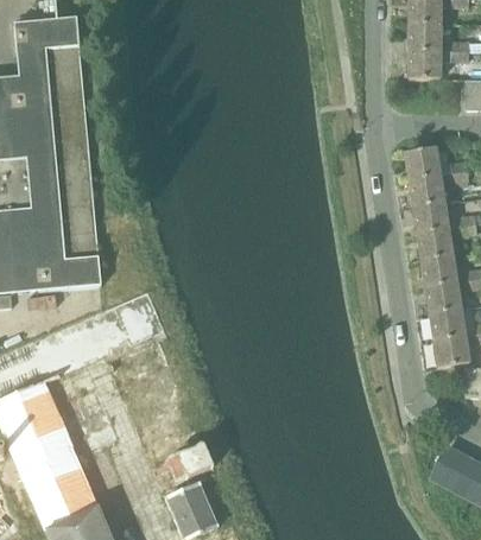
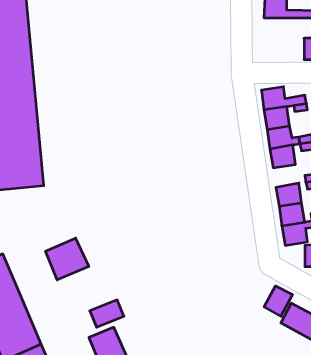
building: [407,51,468,78] -> none
building: [420,255,456,287] -> none
building: none -> [46,238,89,280]
building: none -> [264,286,292,316]

